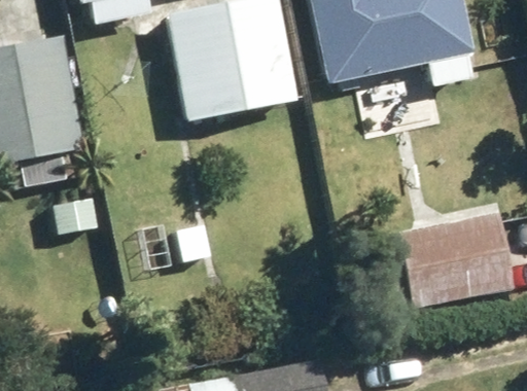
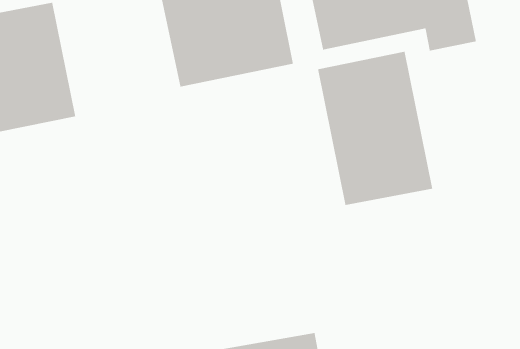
building: none -> [317,51,433,206]
building: [398,212,514,310] -> none

